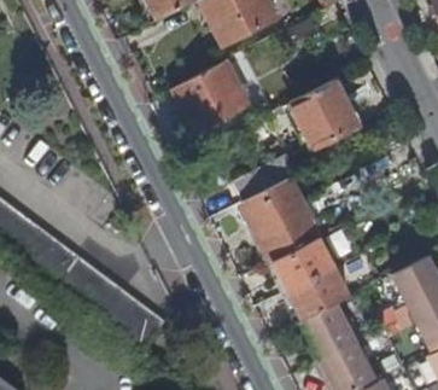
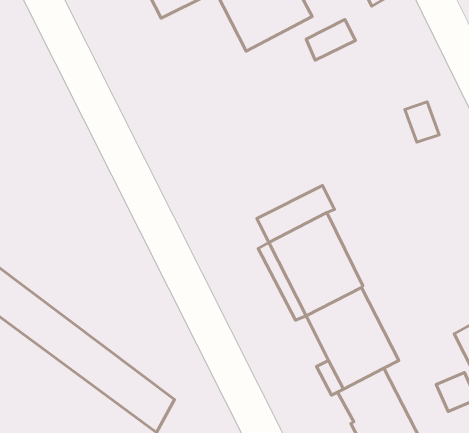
building: [170,59,247,129] -> none
building: [288,78,357,147] -> none

